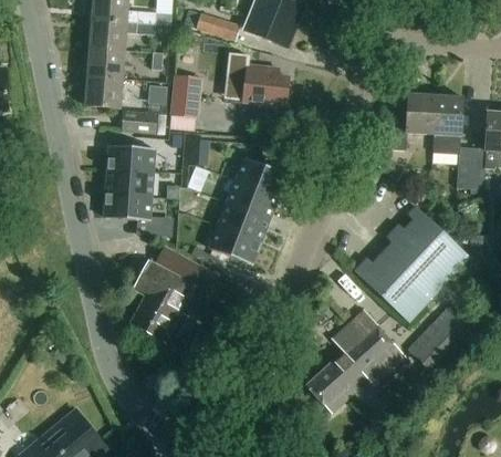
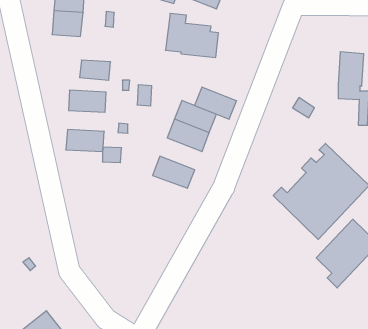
building: [168,71,201,115] -> none
building: [84,76,121,105] -> none
building: [395,96,435,150] -> none
building: [105,168,150,194] -> none
building: [217,201,268,240] -> [195,87,237,119]
building: [129,242,202,343] -> none
building: [305,312,405,416] -> none

